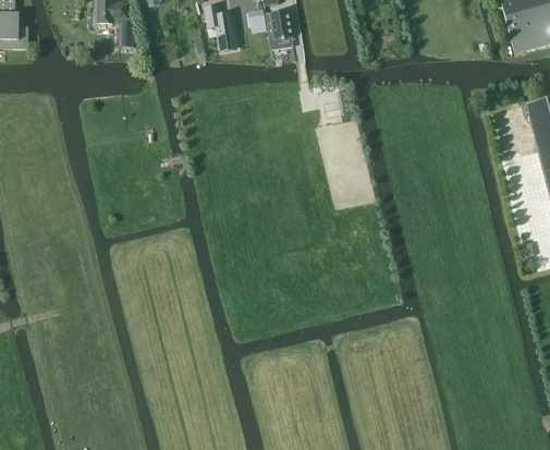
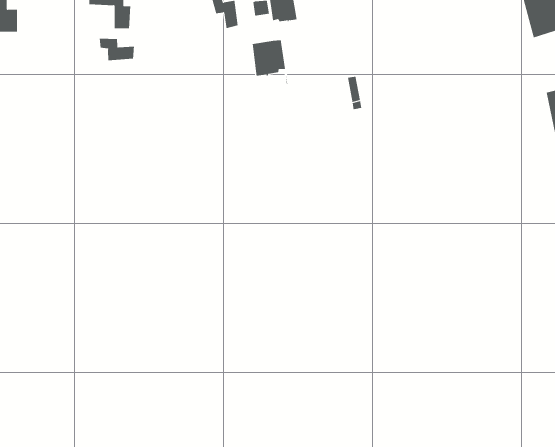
building: none -> [99,38,134,61]
building: none -> [252,38,288,85]

